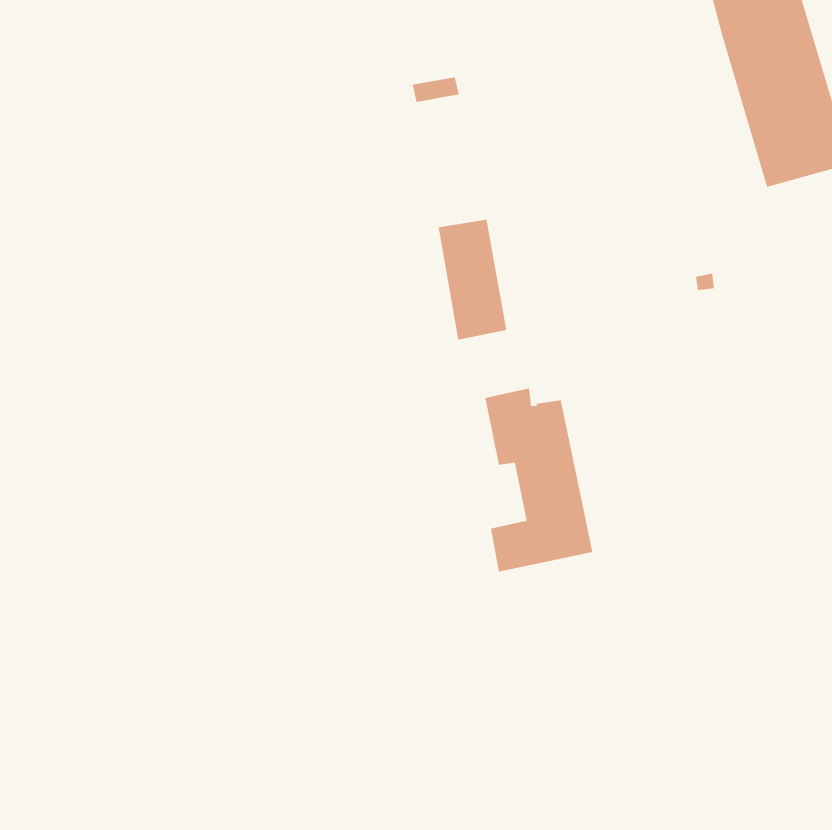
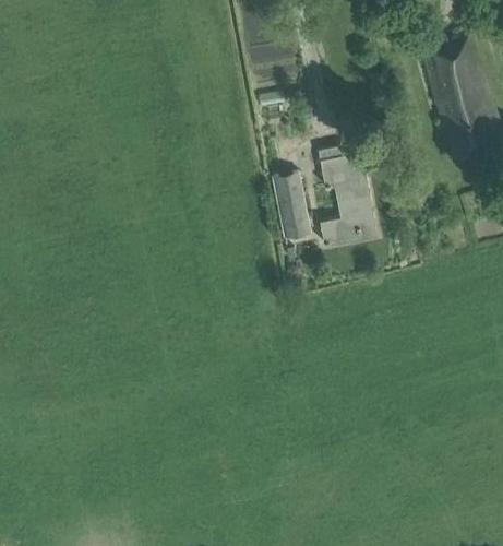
building: [484,388,593,572] -> [319,145,379,247]

